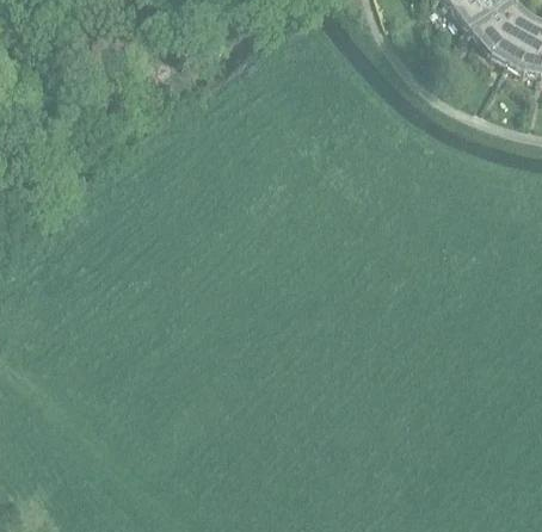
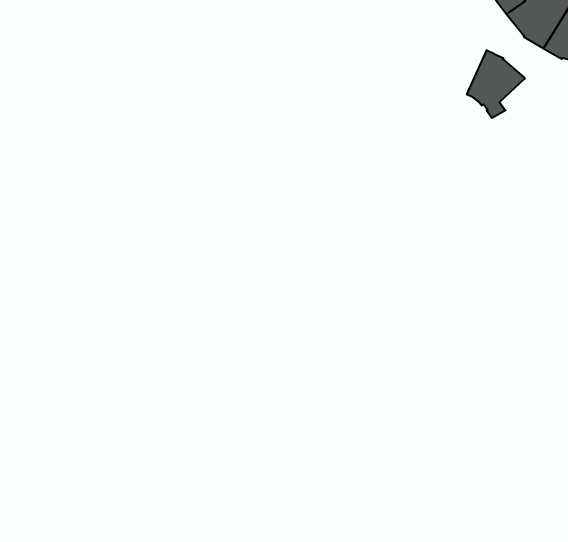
building: none -> [467,50,525,118]

